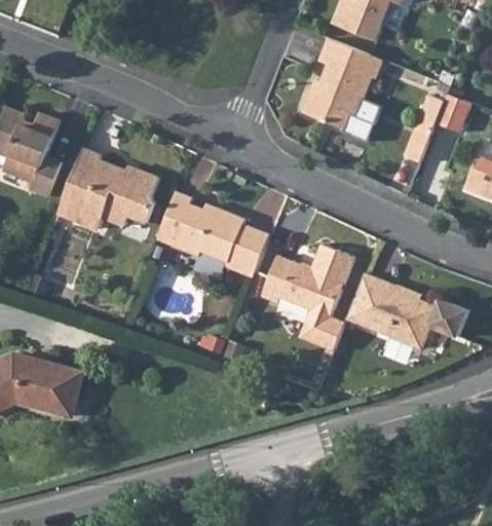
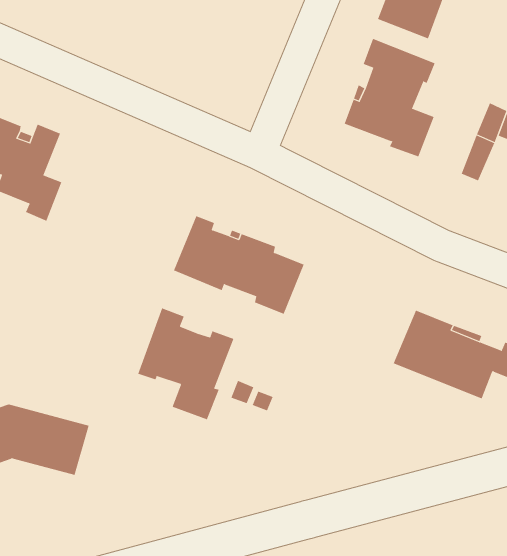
building: [56,148,158,228] -> none
building: [261,243,354,349] -> none
building: none -> [137,307,234,420]

